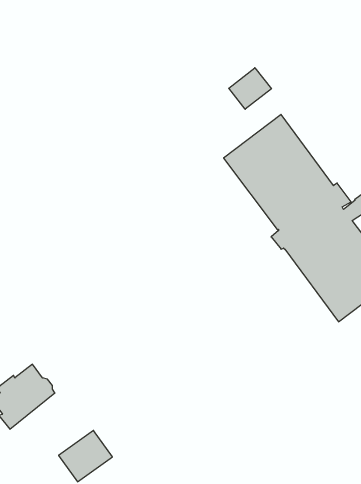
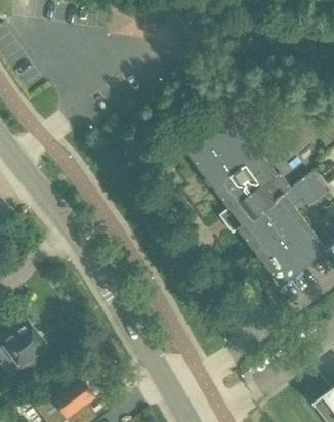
building: [229,68,271,109] -> none

